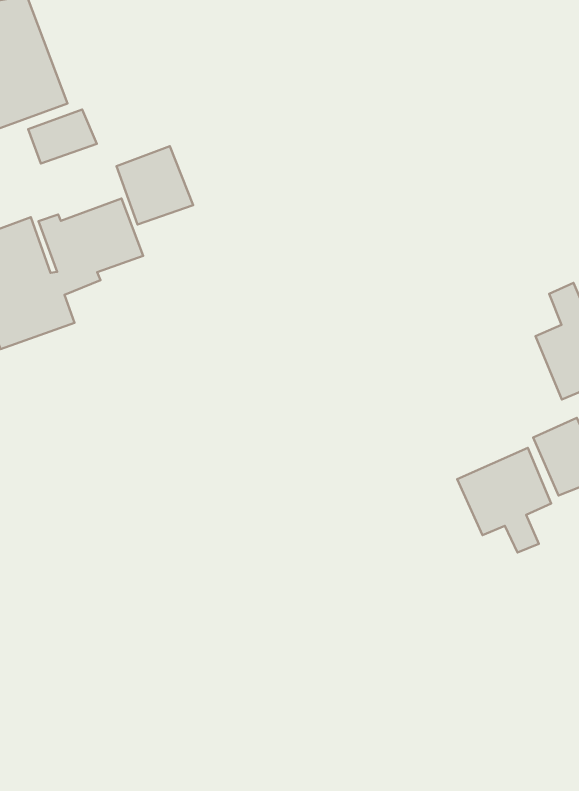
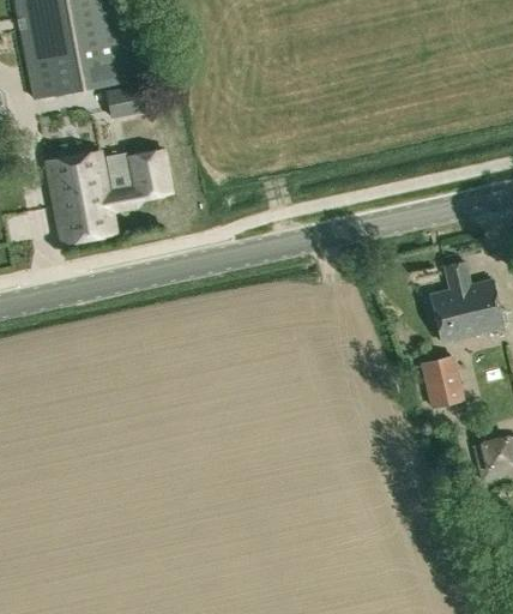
building: [117,146,193,224] -> none
building: [457,448,551,553] -> none

